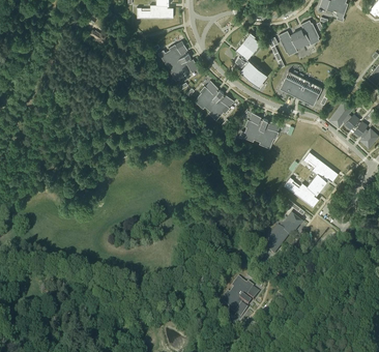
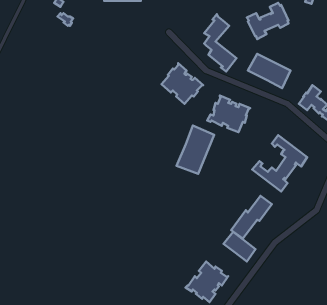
building: [156,40,198,81] -> none
building: none -> [177,125,214,174]
building: none -> [223,232,255,262]

